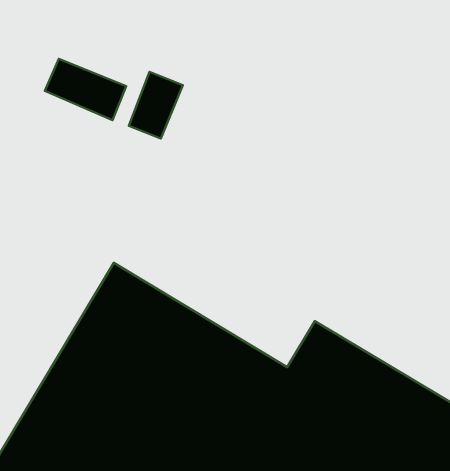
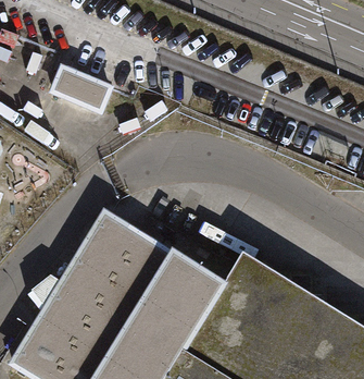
building: [129,72,183,139] -> none

